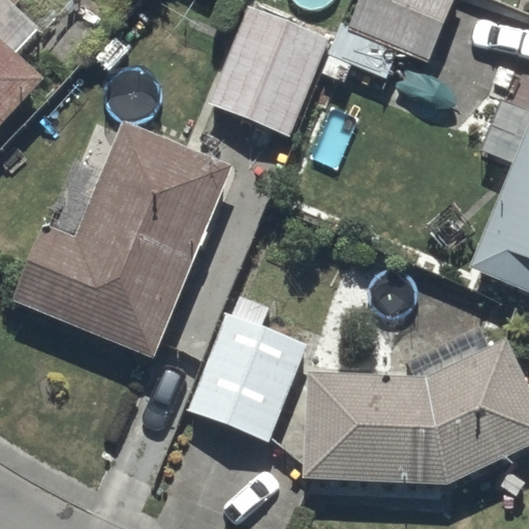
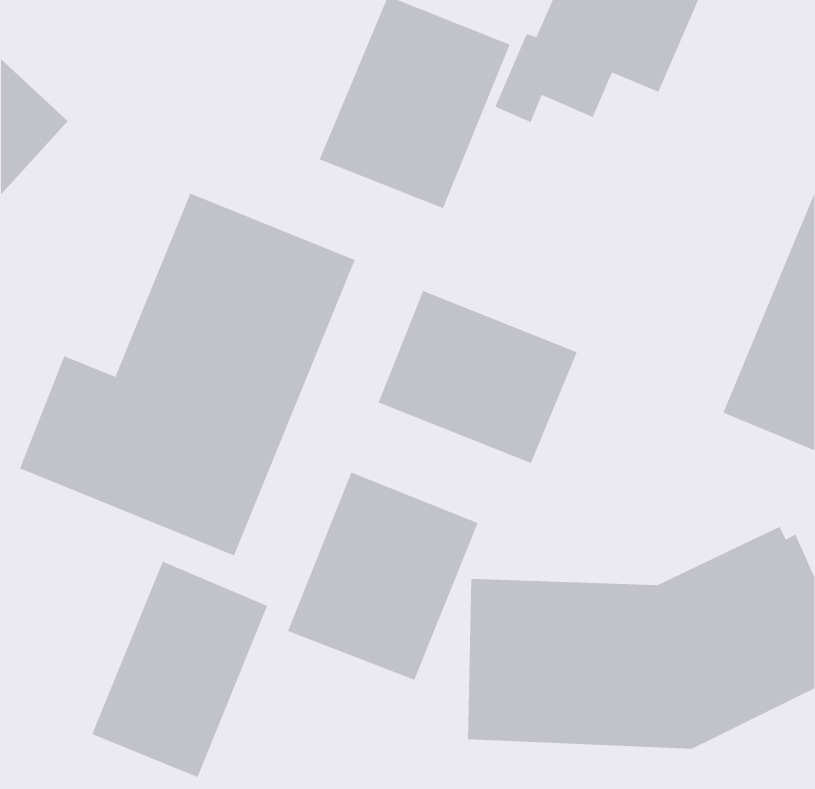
building: none -> [378,290,578,464]
building: none -> [92,561,268,778]

